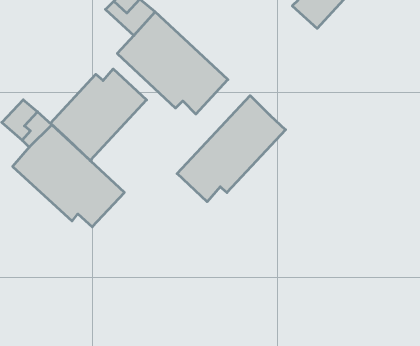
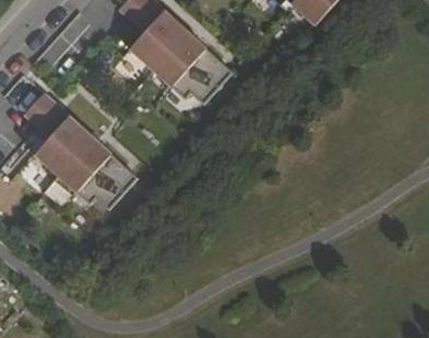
building: [51,69,147,161] -> none
building: [177,96,286,202] -> none

